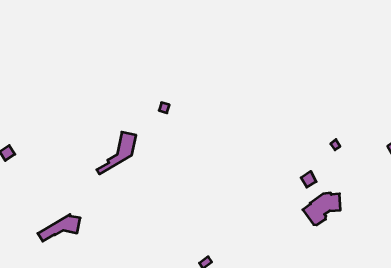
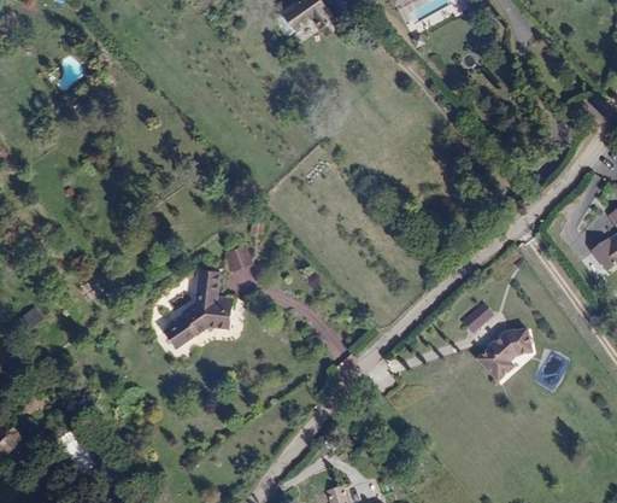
building: none -> [227,247,255,283]
building: [38,214,80,241] -> [172,304,233,347]

